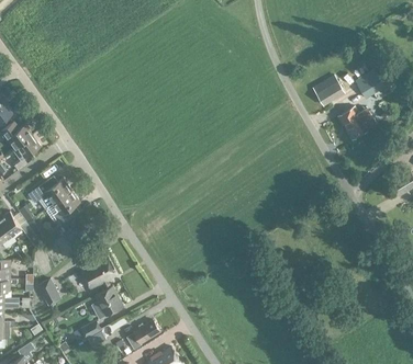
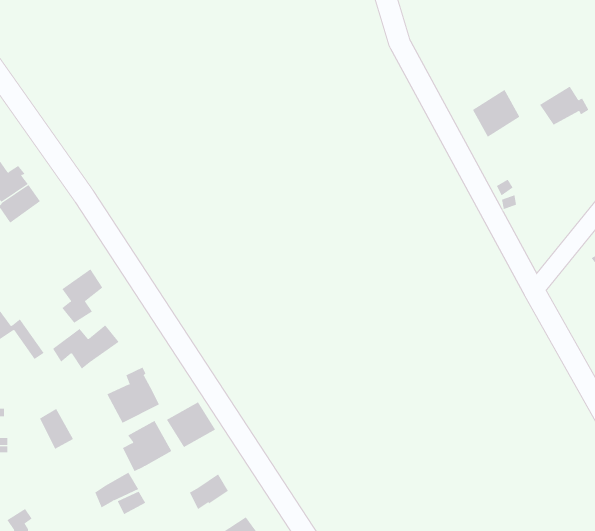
building: [337,106,376,139] -> none
building: [27,179,70,207] -> [52,325,119,369]
building: none -> [166,402,216,448]

